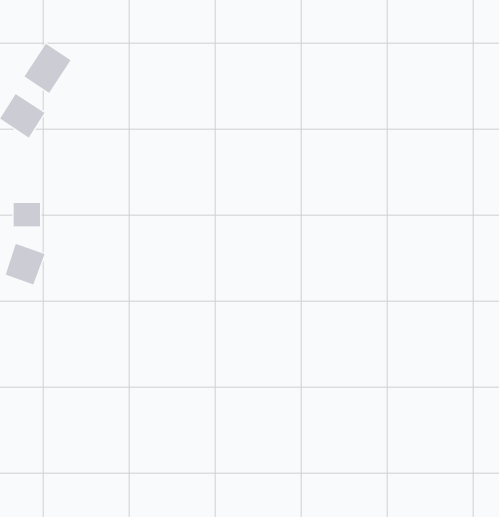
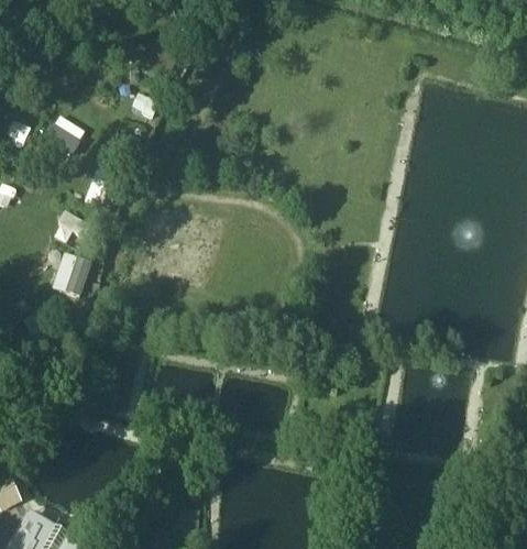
building: [24,43,71,94] -> none

